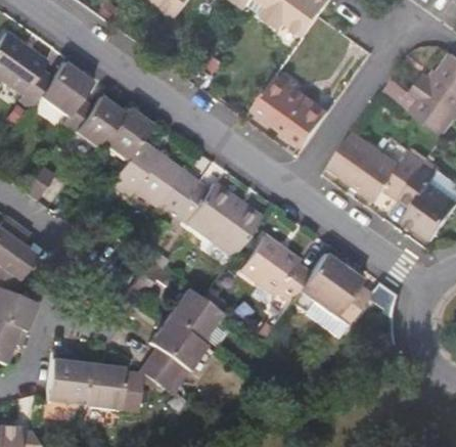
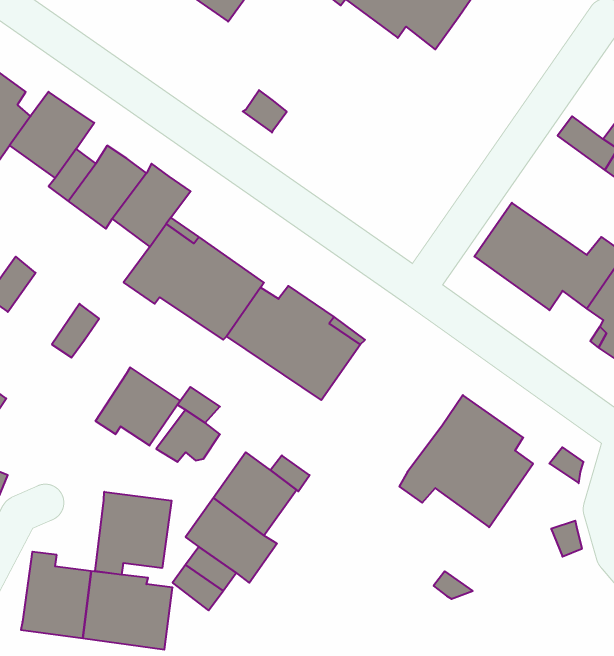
building: [254,74,330,146] -> none
building: none -> [96,367,180,446]
building: [239,235,310,301] -> none
building: none -> [95,492,172,575]

